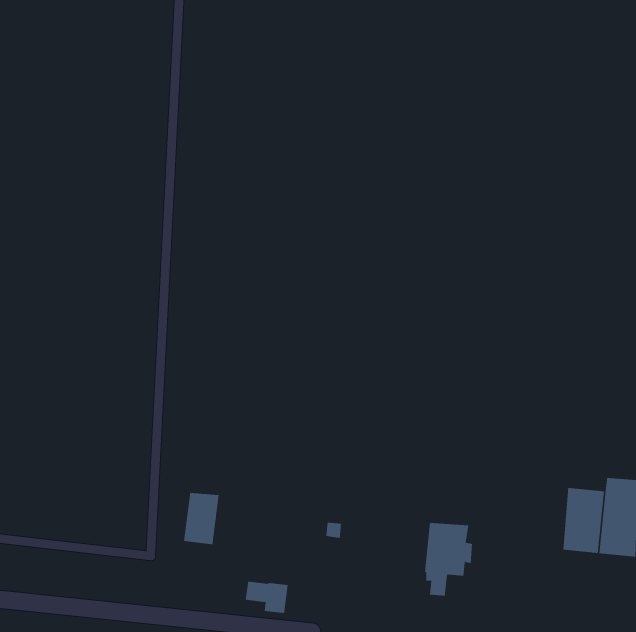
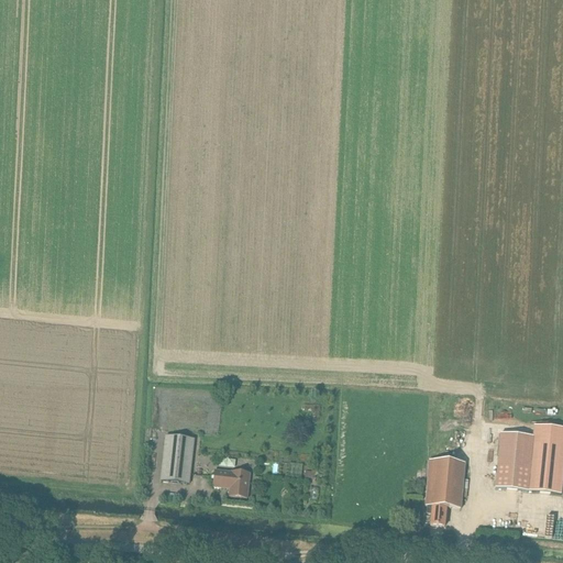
building: [424,523,473,596] -> [427,459,470,523]
building: [245,581,289,614] -> [213,467,252,496]

